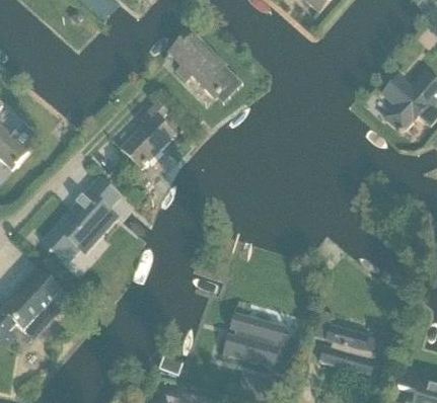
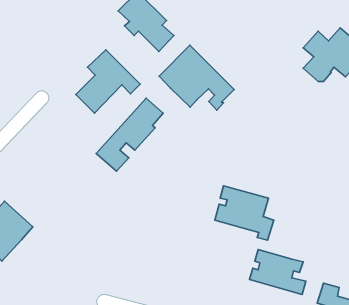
building: none -> [159,45,234,110]
building: [43,177,120,261] -> [96,98,163,171]
building: [223,313,291,376] -> [215,186,274,240]

